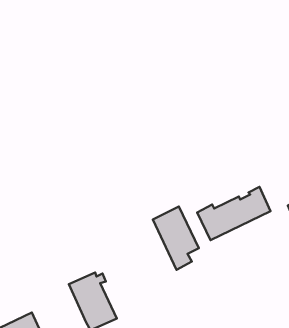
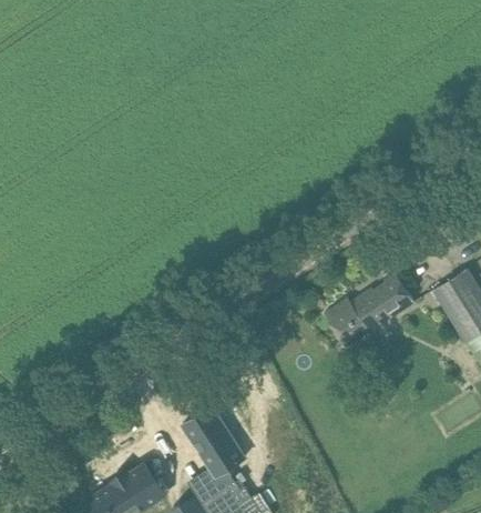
building: [153,207,199,270] -> none

